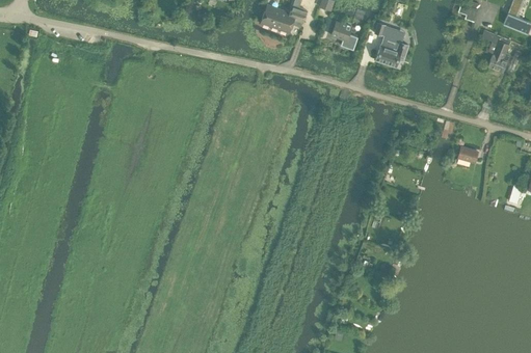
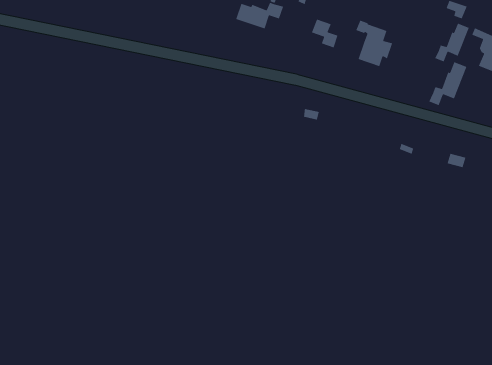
building: none -> [434,22,470,62]
building: none -> [428,61,468,106]

